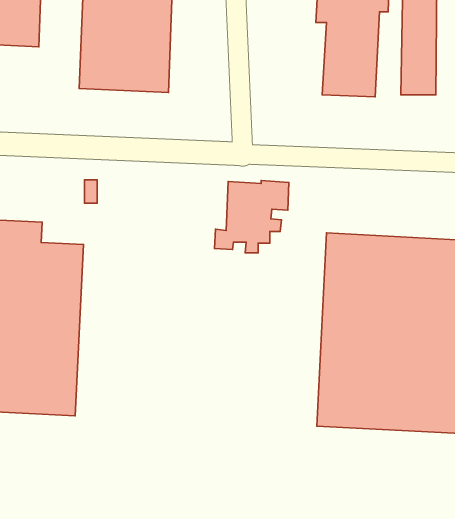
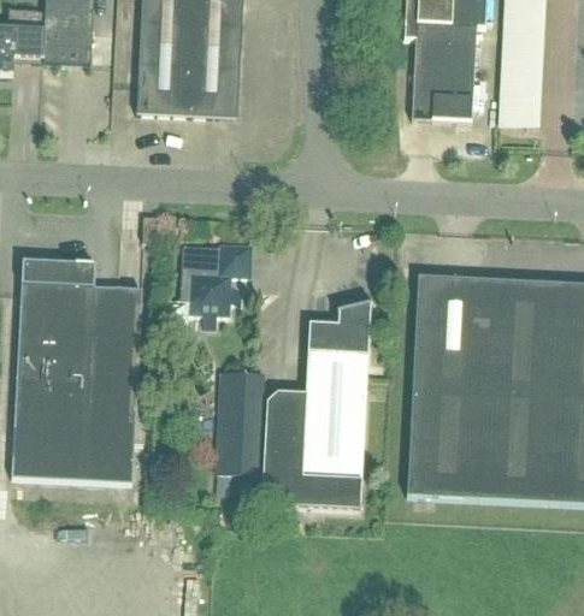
building: [214,180,289,253] -> [166,242,250,324]
building: none -> [260,300,370,508]
building: none -> [216,369,256,473]

